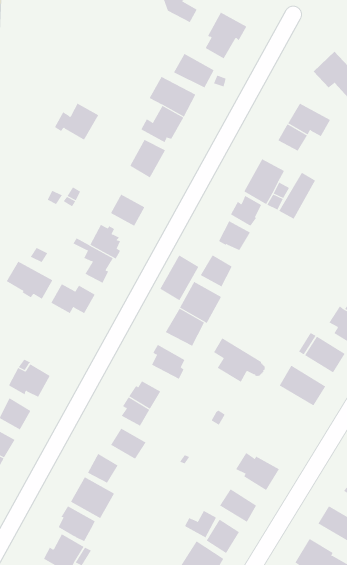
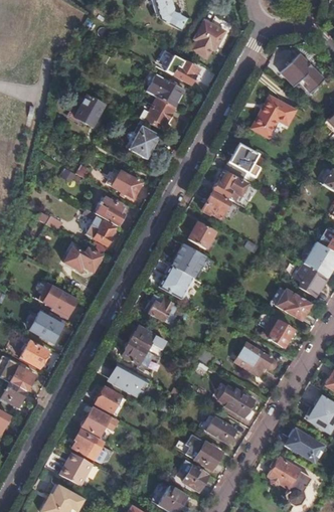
building: [278,172,316,220] -> none
building: [159,254,199,301] -> none
building: [6,261,53,300] -> [38,282,77,314]
building: [213,338,265,382] -> [232,338,276,375]

